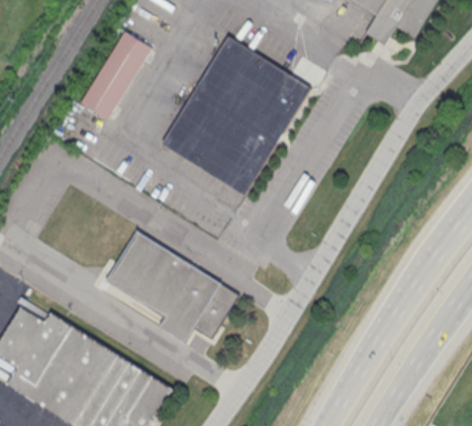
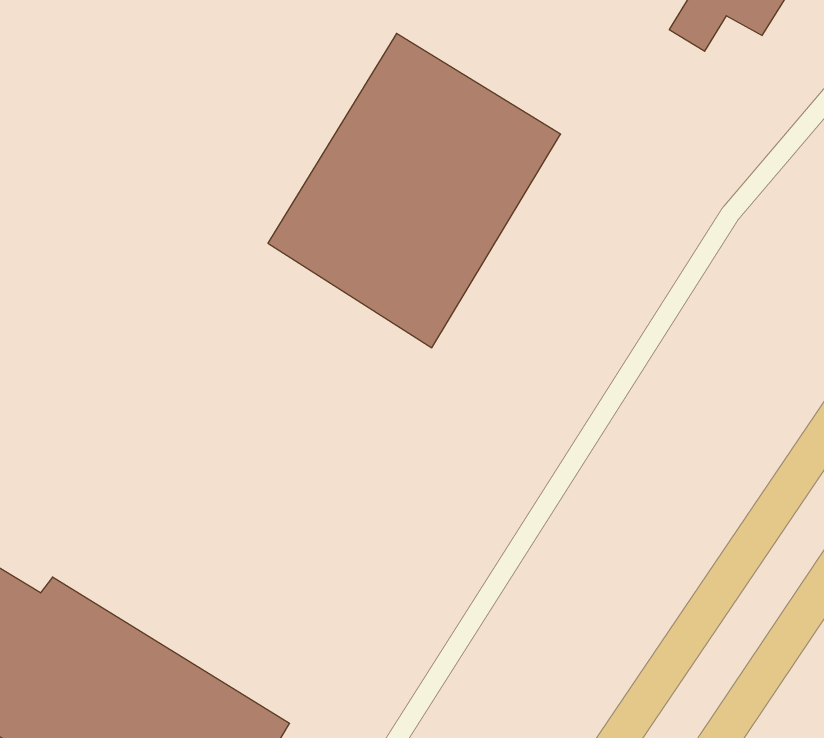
building: [80,29,152,118] -> none
building: [104,230,238,342] -> none

